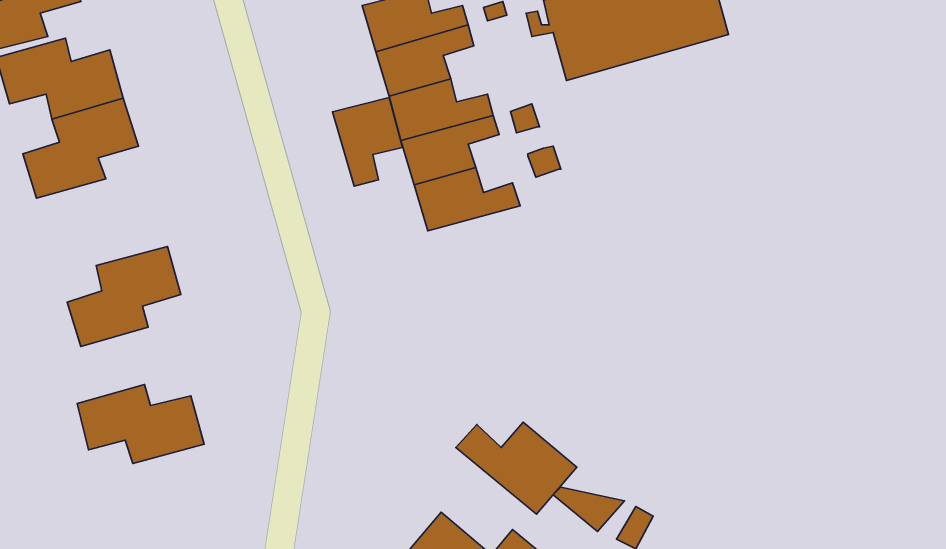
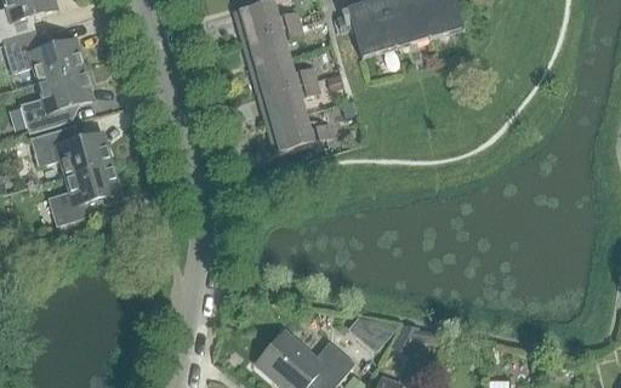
building: [333,97,403,186] -> none
building: [77,384,204,463] -> [30,125,110,175]
building: [456,422,577,514] -> none

